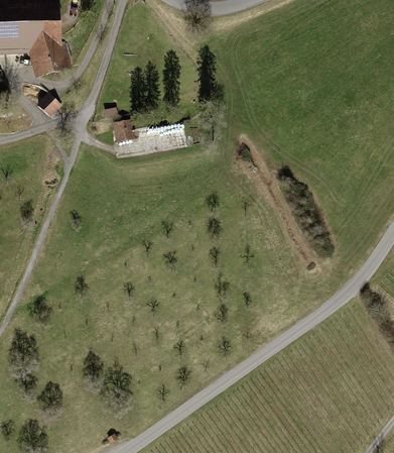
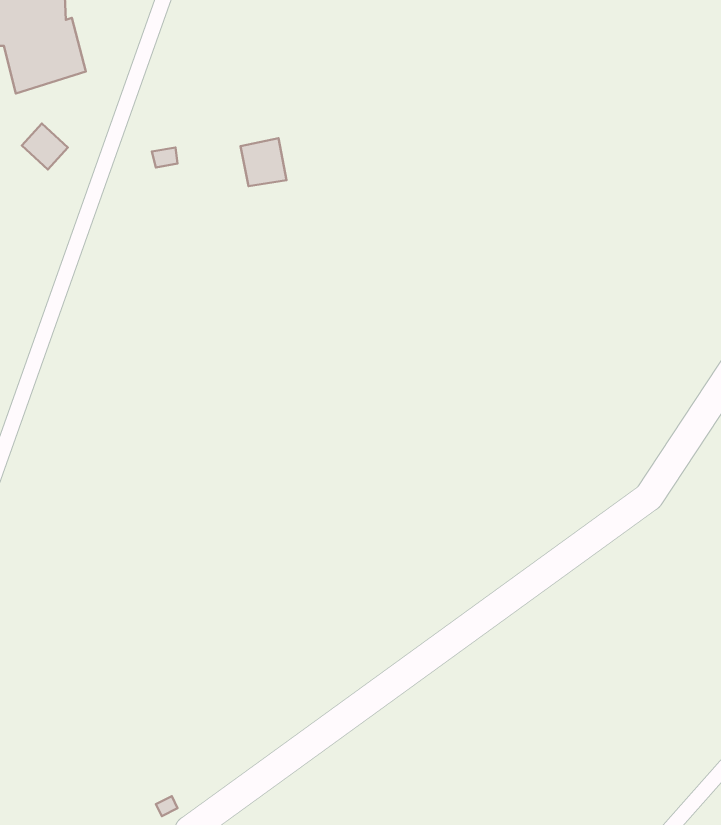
building: [112,119,135,143] -> [241,138,287,186]

